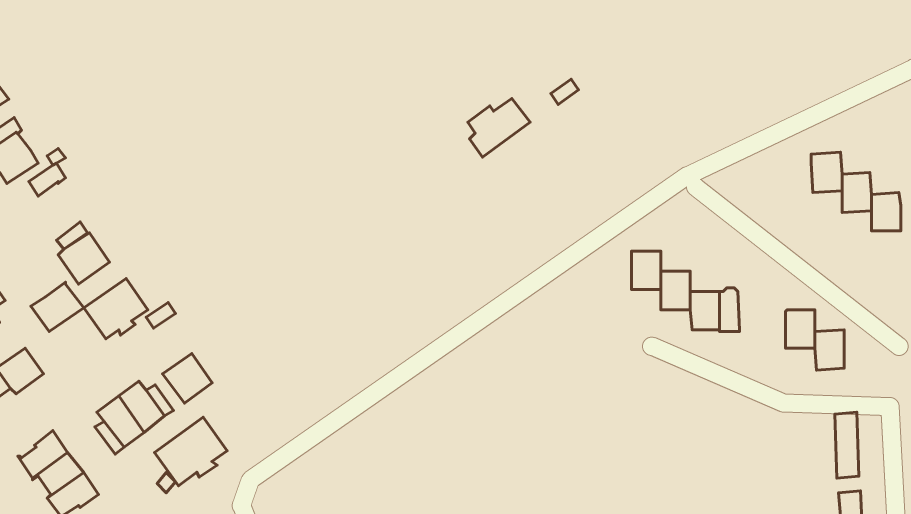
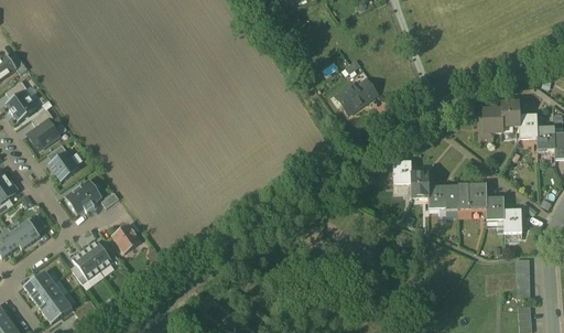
building: [468,98,530,157] -> [339,78,377,114]
building: none -> [481,108,503,136]
building: [31,282,84,332] -> [28,119,59,149]
building: none -> [457,184,487,208]
building: [154,417,227,486] -> none

